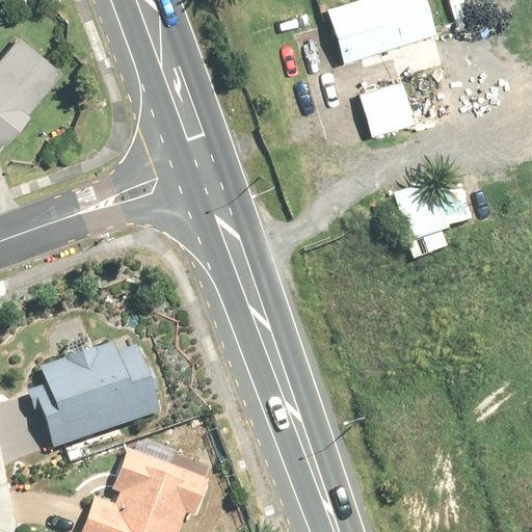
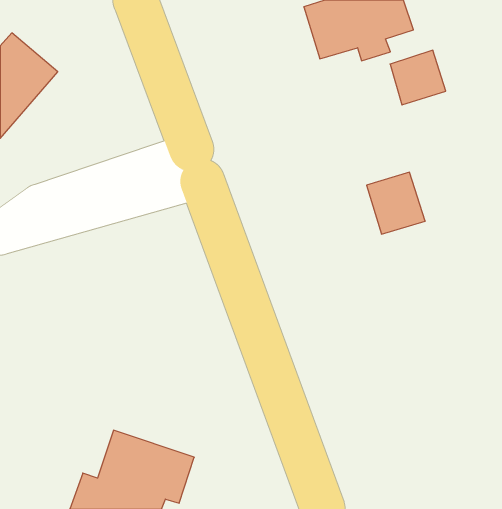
building: [360,80,418,137] -> [390,50,446,105]
building: [26,334,162,449] -> none

